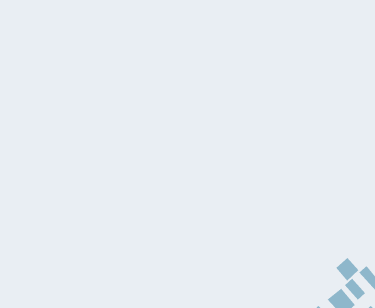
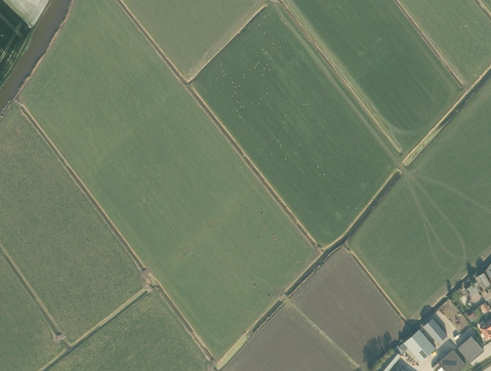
building: [336,257,359,281] -> none

